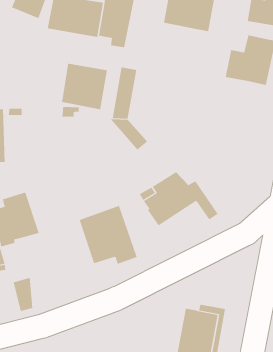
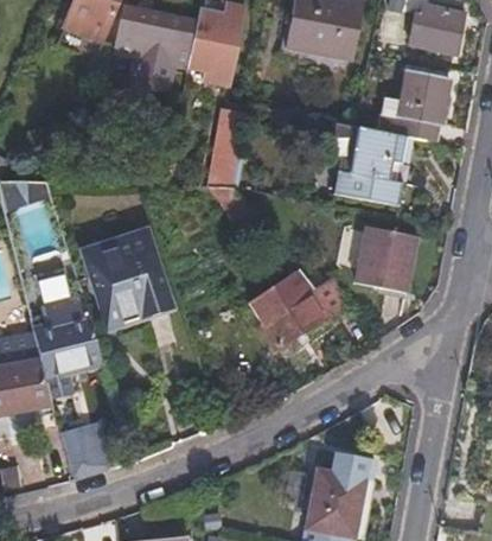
building: [61,63,108,110] -> none
building: none -> [334,125,407,206]
building: none -> [358,228,416,293]
building: [79,205,138,265] -> [88,235,173,322]

